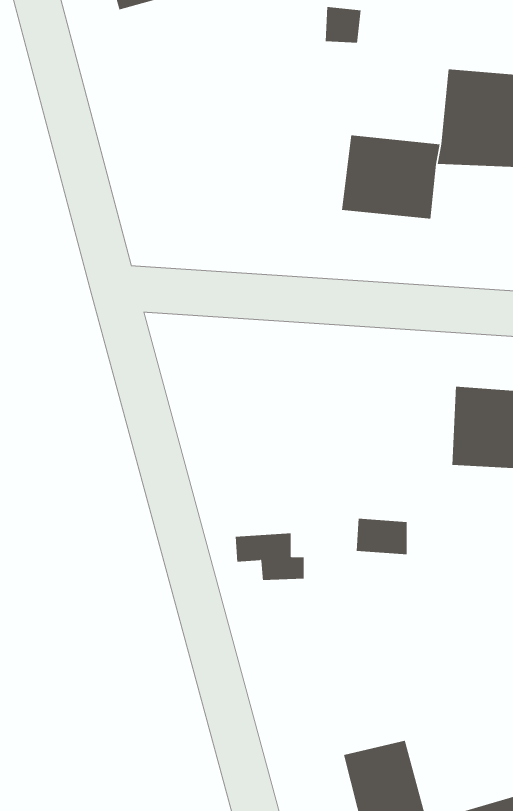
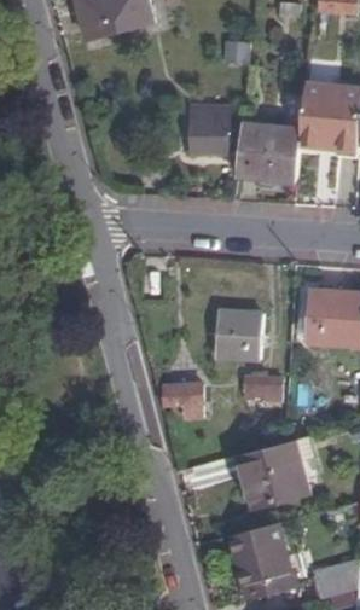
building: none -> [192,108,222,149]
building: none -> [214,312,261,356]
building: none -> [239,440,306,505]

